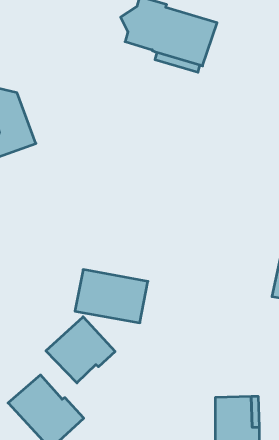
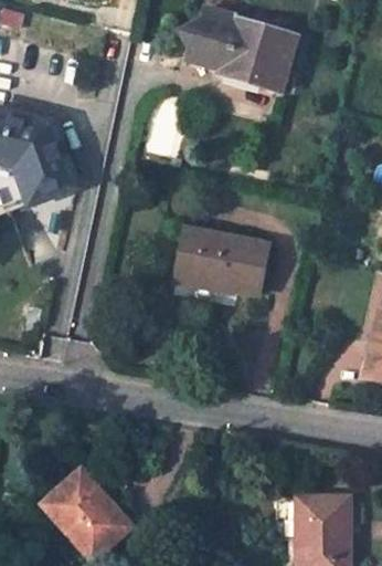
building: [75,270,148,323] -> [176,227,265,292]
building: [46,317,115,383] -> none

